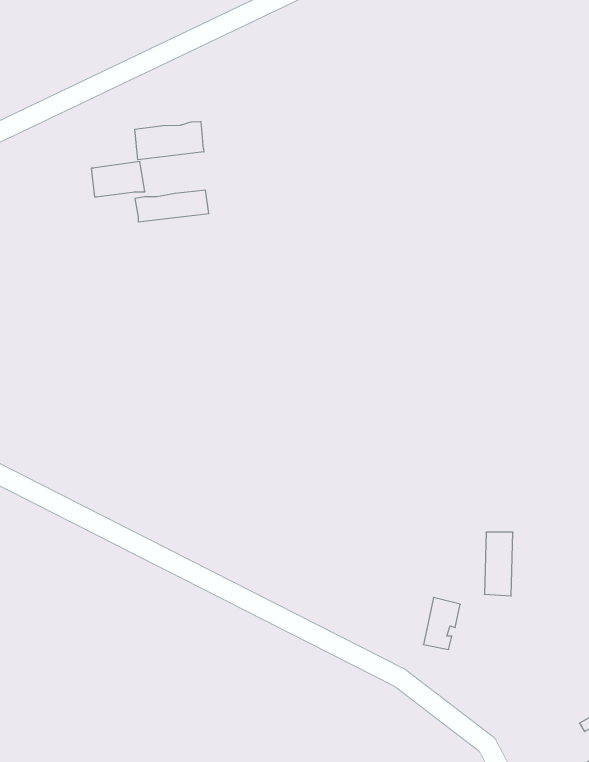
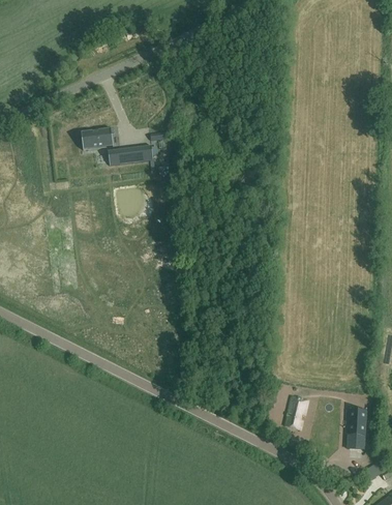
building: [135,121,204,160] -> none
building: [484,532,513,596] -> [349,408,366,447]

